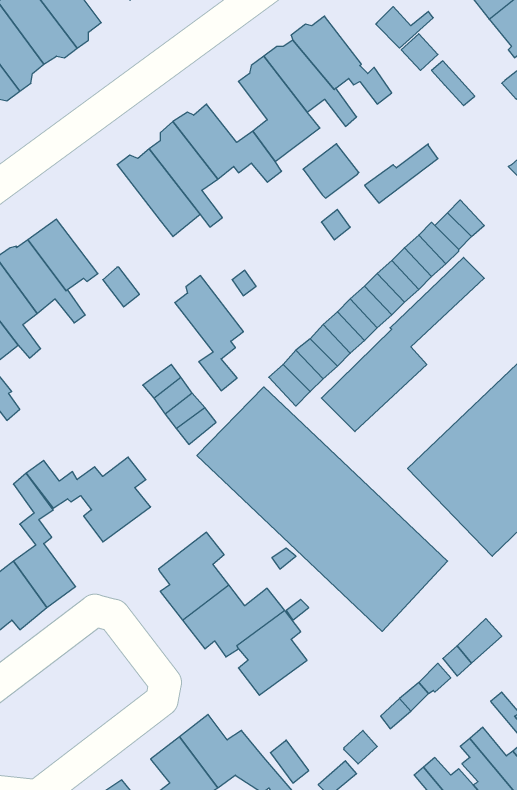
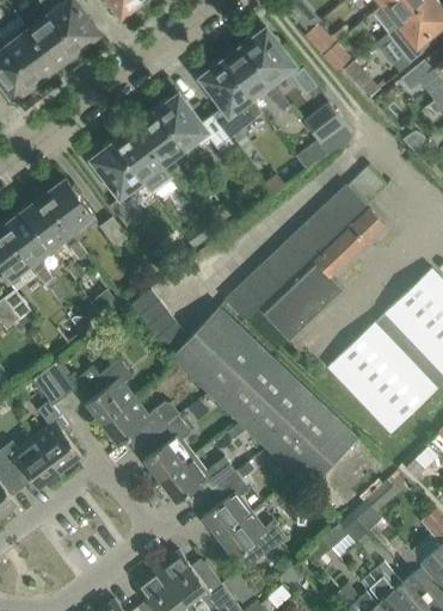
building: [303,144,359,198] -> [303,103,345,143]
building: [175,276,243,391] -> [92,141,143,227]
building: none -> [100,396,180,452]
building: none -> [217,511,287,569]

